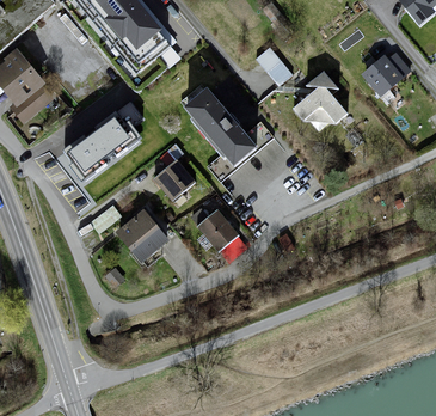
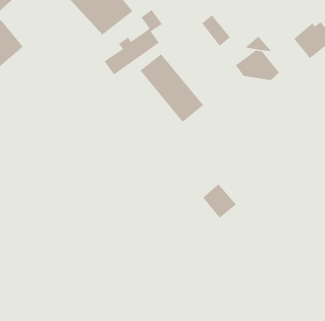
building: [69,98,139,176] -> [103,9,163,76]
building: [152,158,195,201] -> none
building: [196,208,237,250] -> [202,183,237,219]
building: [112,209,168,259] -> none

